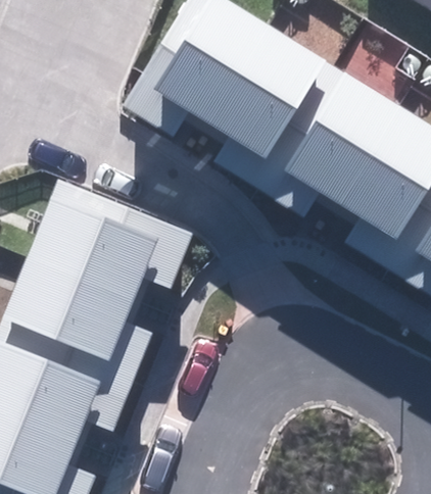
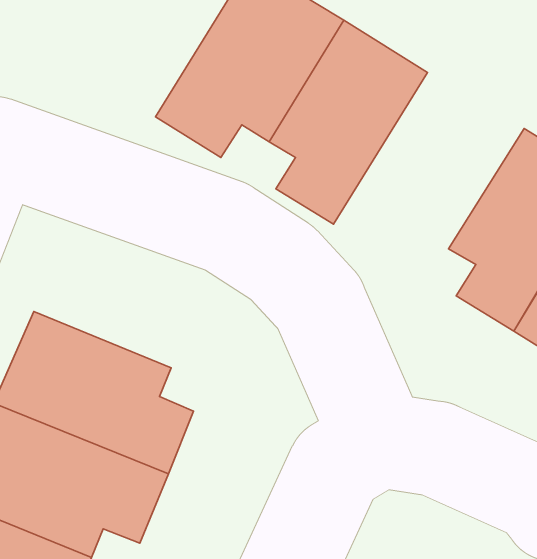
building: [262,68,412,219] -> none
building: [29,179,196,299] -> none

